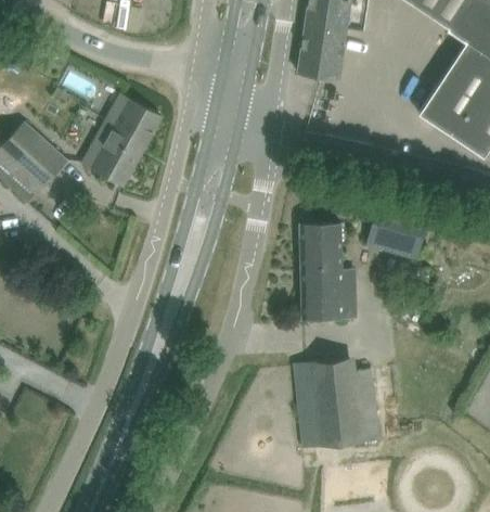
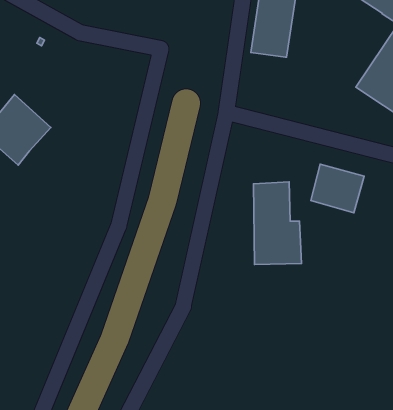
building: [81,94,162,187] -> none
building: [294,358,382,449] -> none

